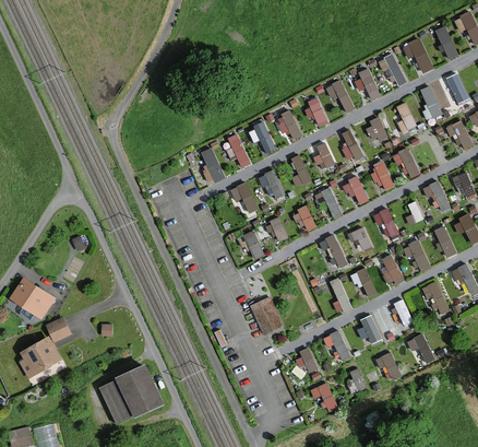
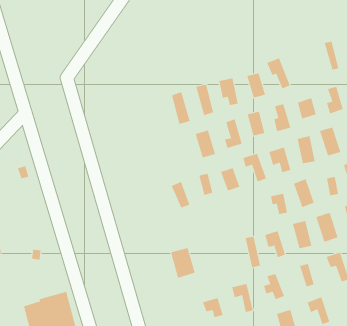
building: [351,69,379,99] -> none
building: [196,146,227,184] -> none
building: [229,181,258,213] -> none
building: [319,235,347,268] -> none

